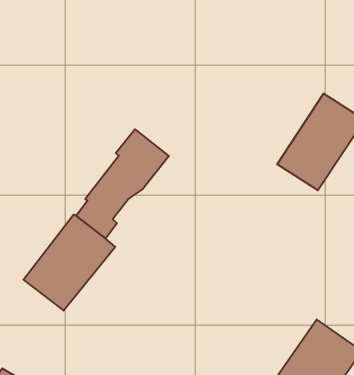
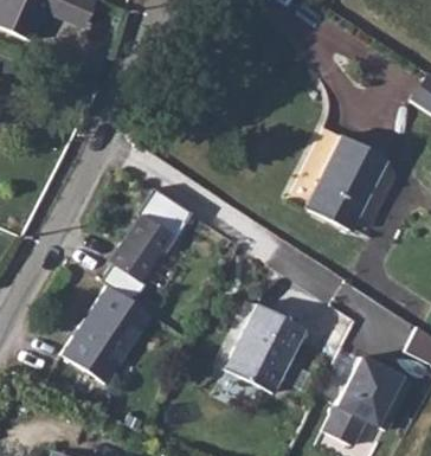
building: none -> [223,302,303,392]

